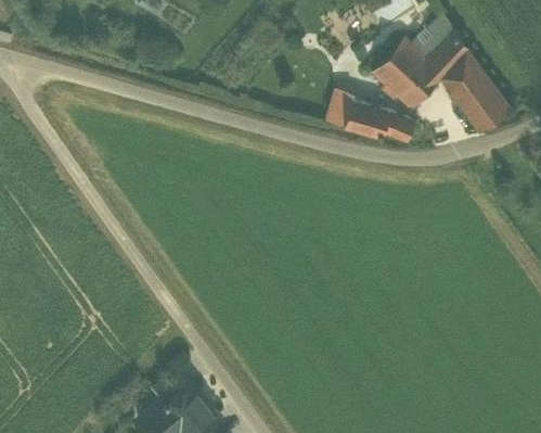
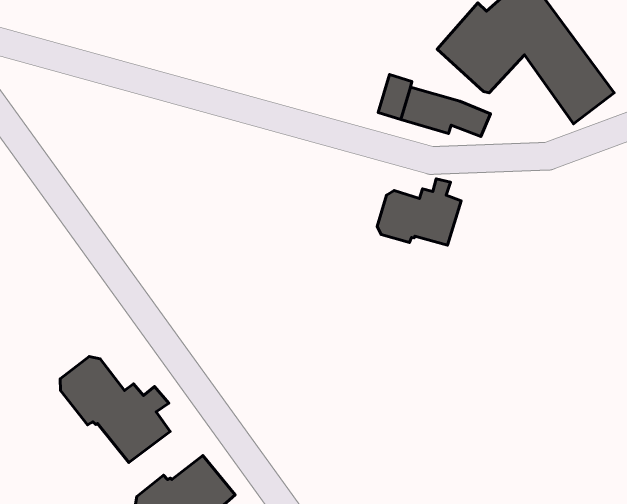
building: none -> [377,179,461,245]
building: none -> [60,356,170,463]

